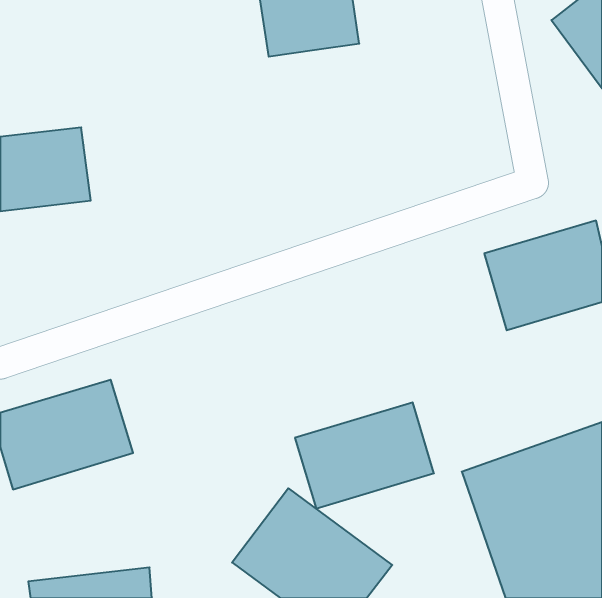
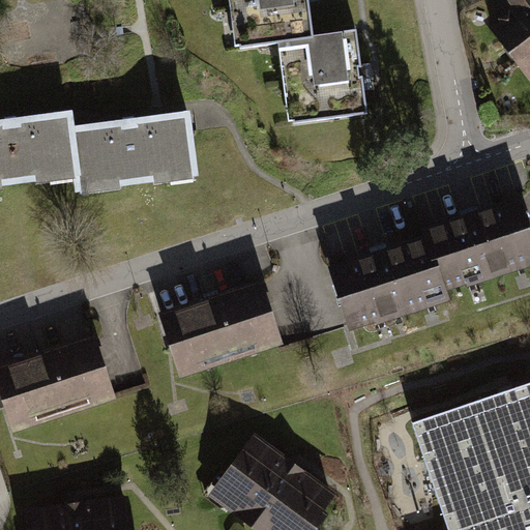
building: none -> [278,31,372,126]
building: none -> [73,112,201,196]
building: none -> [329,234,449,331]
building: [295,402,434,509] -> [160,282,283,375]

